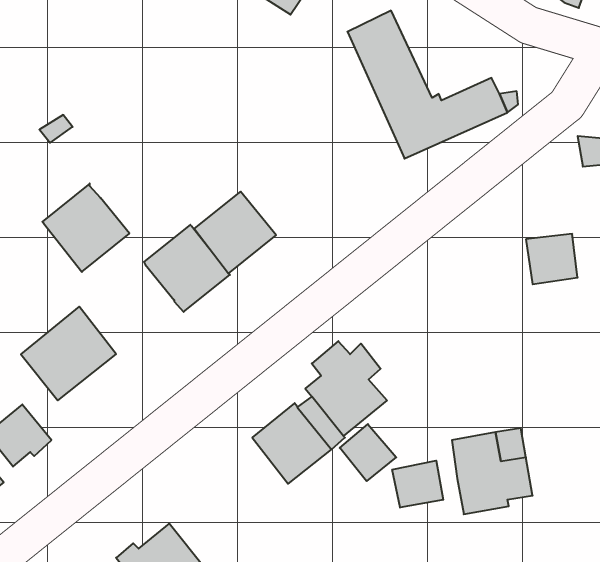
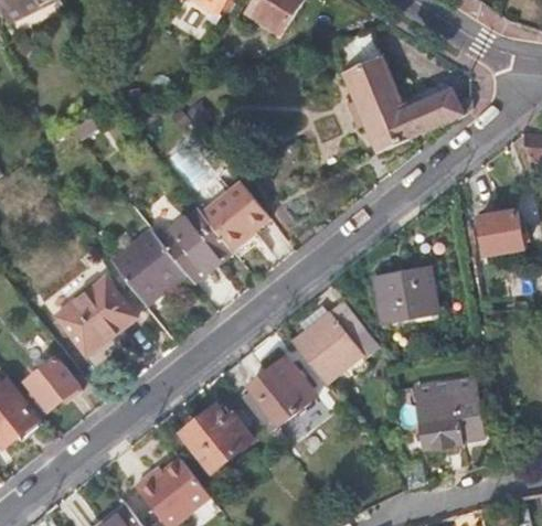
building: [42,183,129,272] -> [110,229,183,303]
building: none -> [376,269,436,320]
building: [340,424,396,481] -> none
building: none -> [180,405,251,471]
building: [392,461,443,508] -> none

